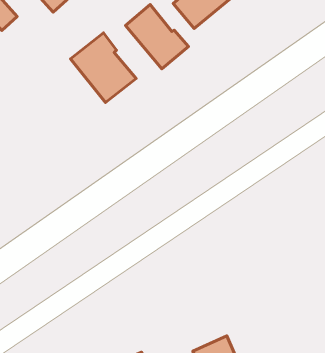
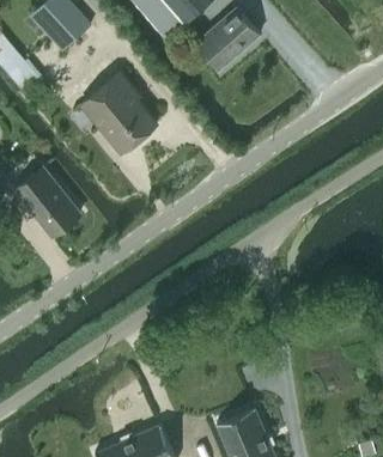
building: [126,5,189,69] -> none
building: none -> [14,167,80,237]

